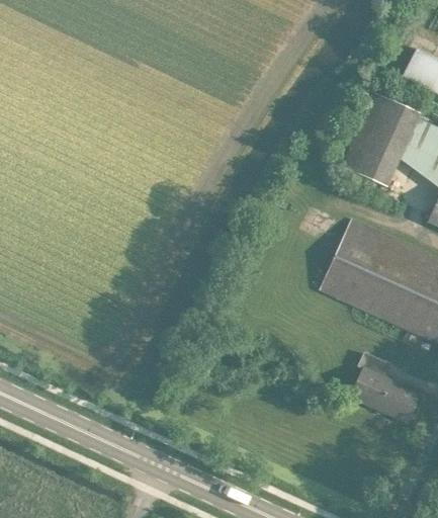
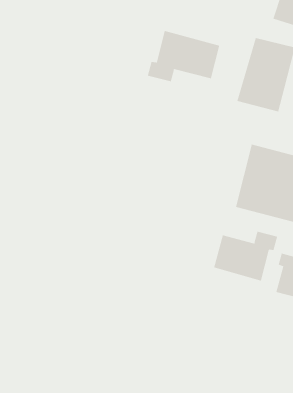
building: none -> [147,30,220,82]
building: none -> [214,231,278,281]

